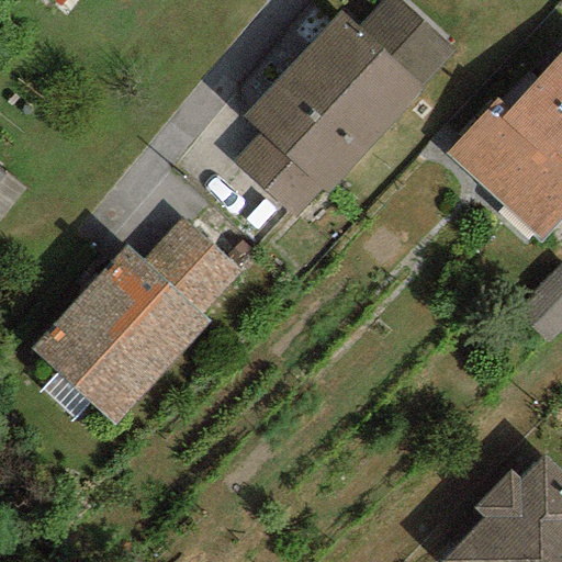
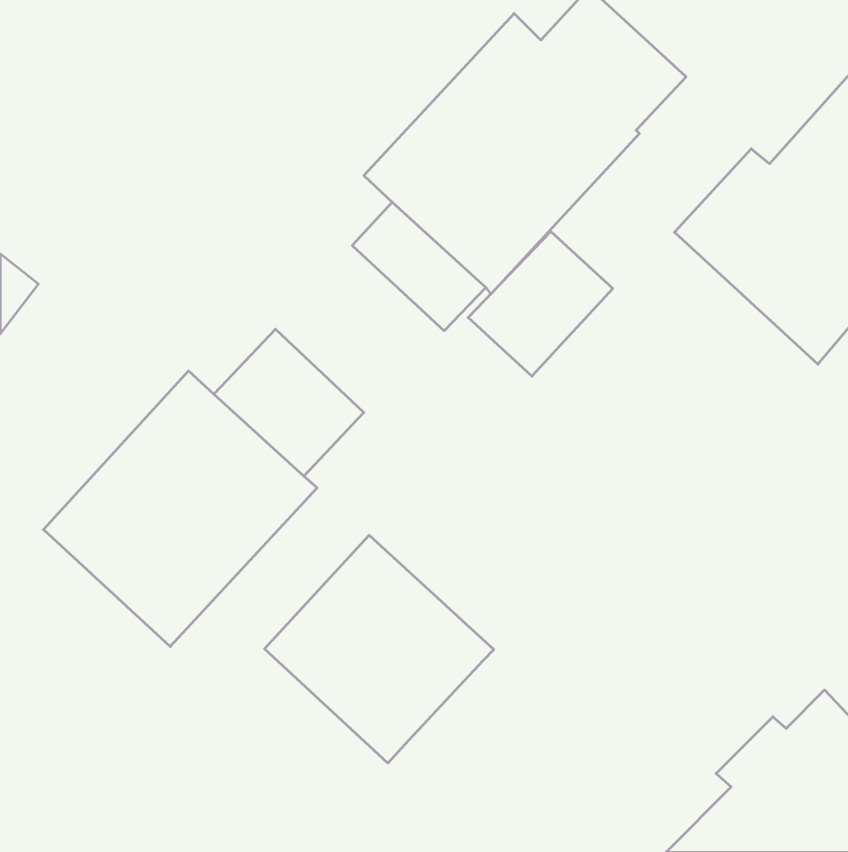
building: none -> [468,231,613,376]
building: none -> [265,535,494,763]

